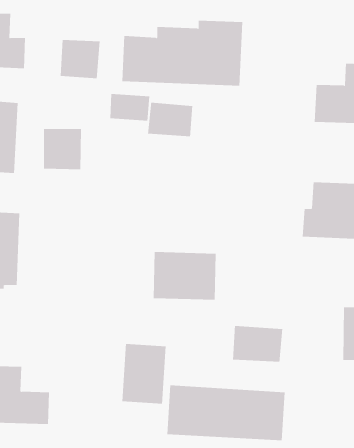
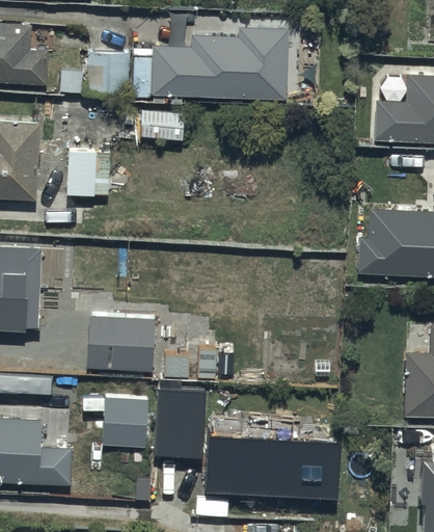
building: [148,102,193,137] -> none
building: [153,252,216,300] -> [85,316,157,371]
building: [233,325,283,363] -> none
building: none -> [102,399,148,450]

